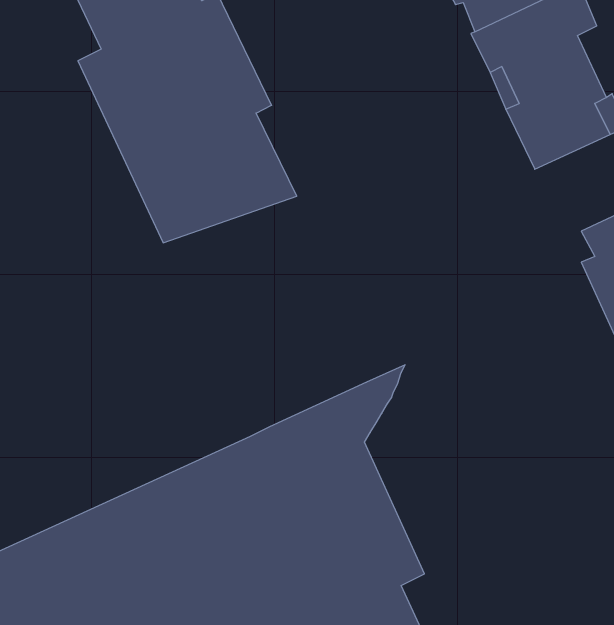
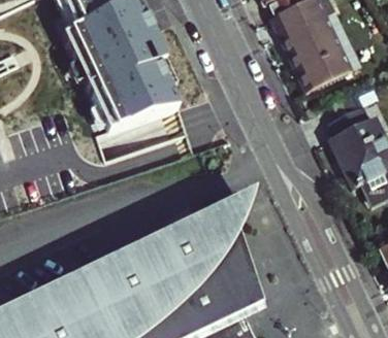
building: none -> [217,213,259,307]

